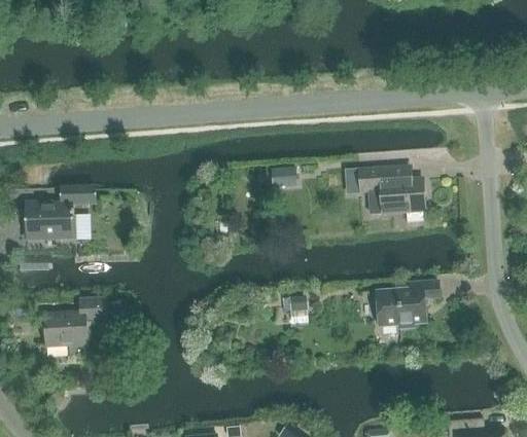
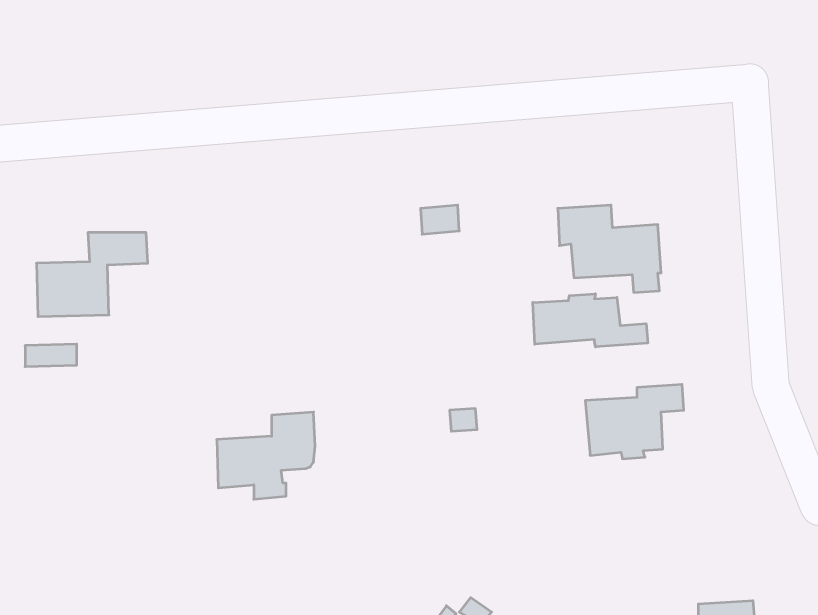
building: none -> [533,294,648,347]
building: [44,297,107,353] -> [217,412,315,499]

